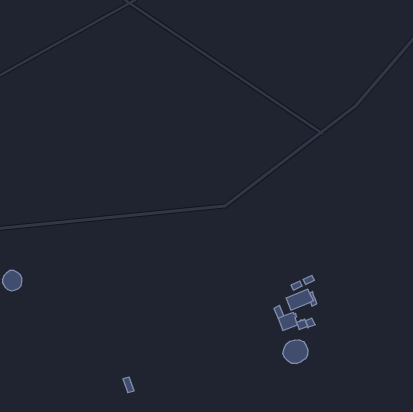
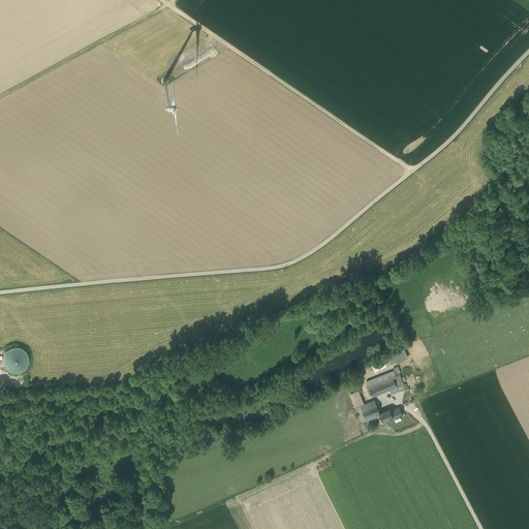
building: [283,340,308,364] -> none

